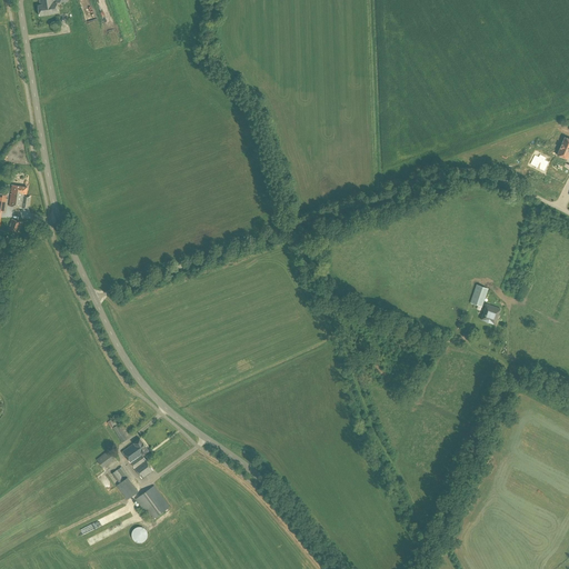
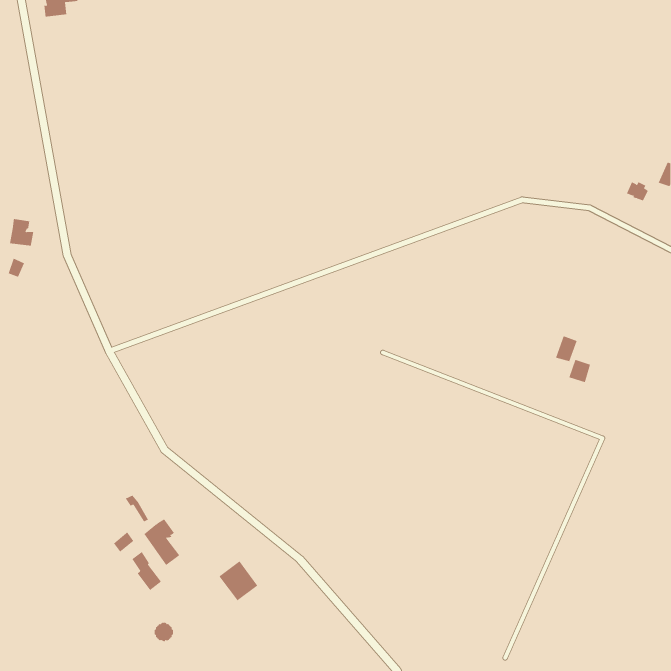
building: [134,485,168,519] -> [219,561,258,601]

